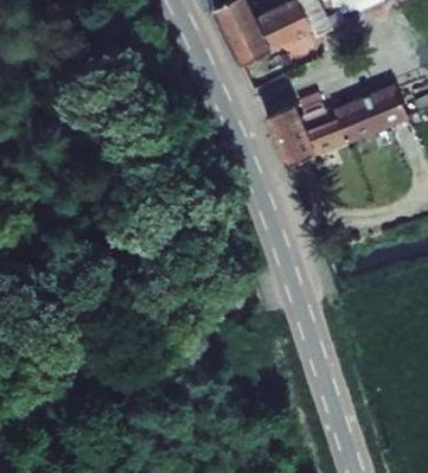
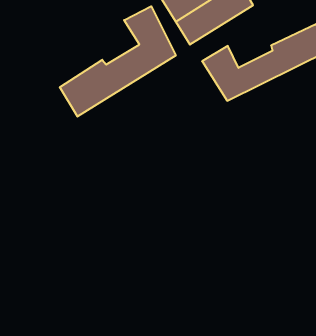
building: none -> [60,6,176,117]

